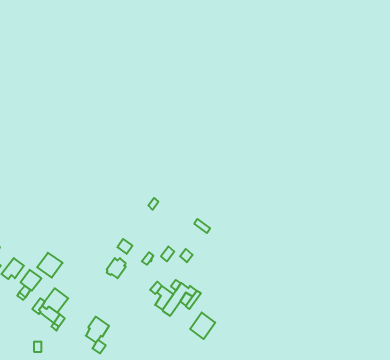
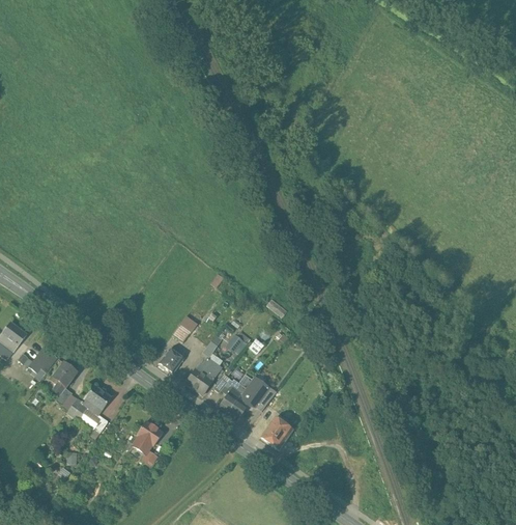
building: [37,253,63,278] -> none
building: none -> [187,362,214,392]

